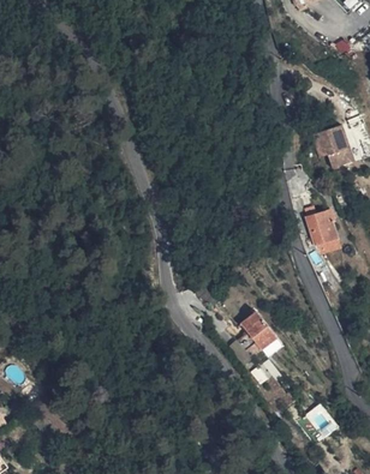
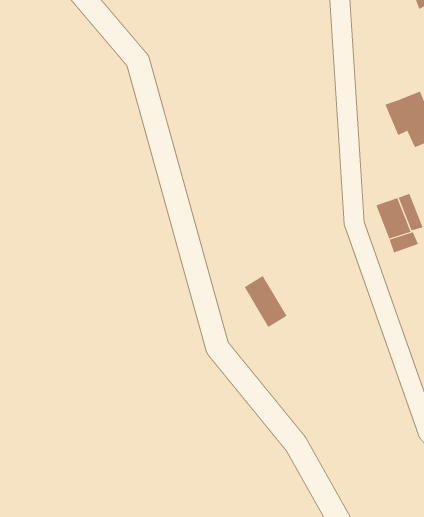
building: [243,311,278,353] -> [244,275,287,328]

